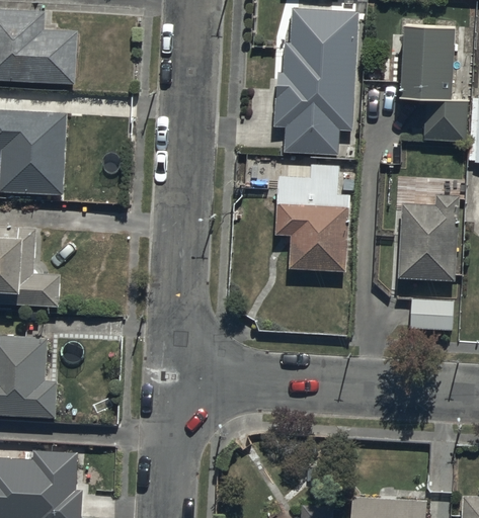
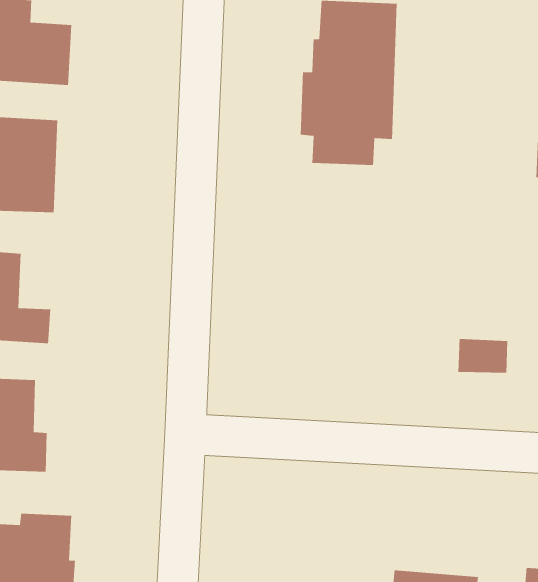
building: [401,22,468,143] -> none
building: [274,165,348,271] -> none
building: [398,195,458,281] -> none

